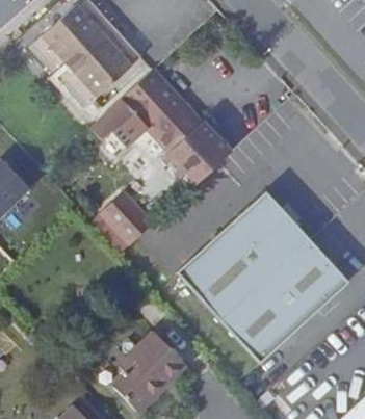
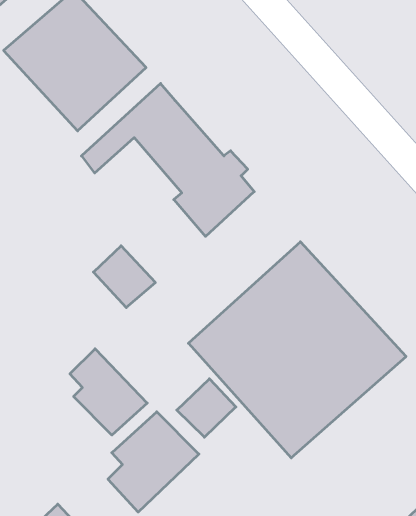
building: none -> [70,349,147,435]
building: none -> [177,379,236,437]

